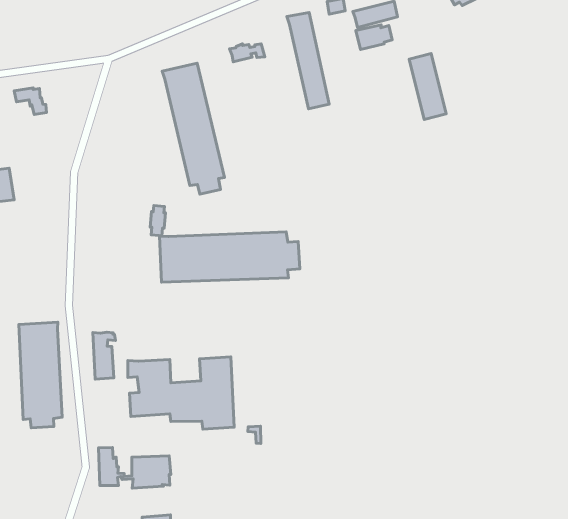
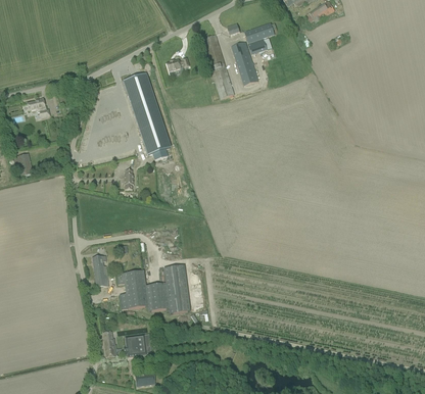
building: [409,53,446,120] -> [231,41,258,85]
building: [160,232,300,282] -> none
building: [19,322,62,428] -> none

